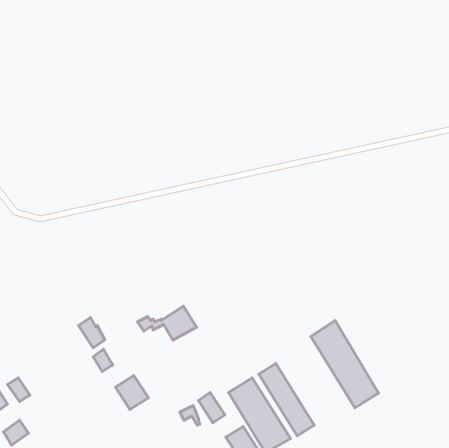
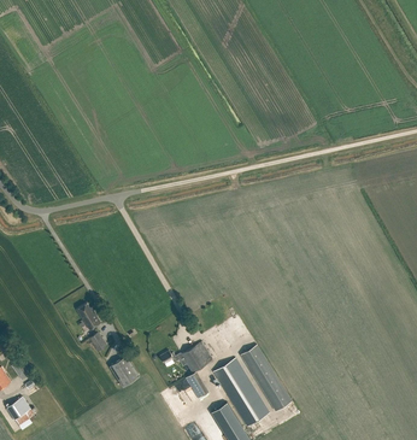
building: [137,306,197,340] -> [159,341,213,372]
building: [311,321,379,408] -> none

